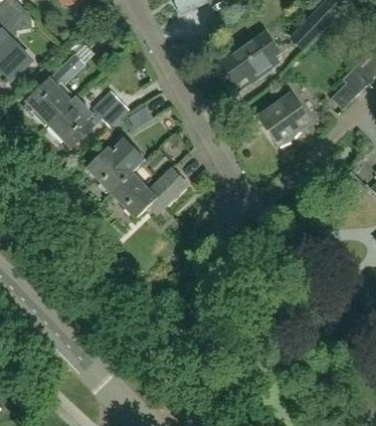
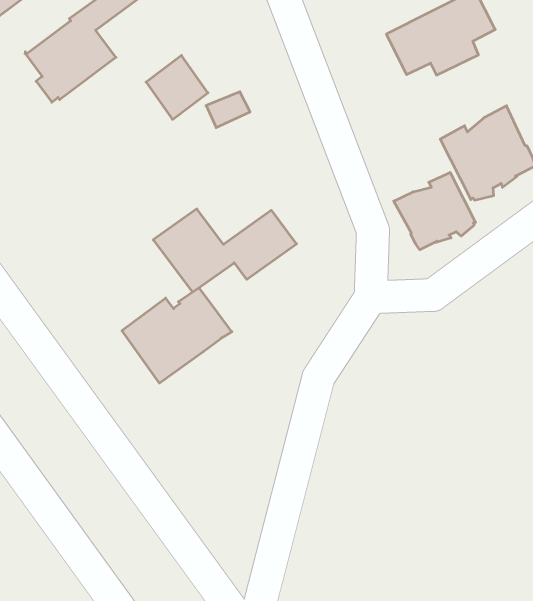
building: [47,96,100,148] -> none
building: none -> [394,172,476,250]
building: [86,138,146,192] -> [122,288,232,383]

